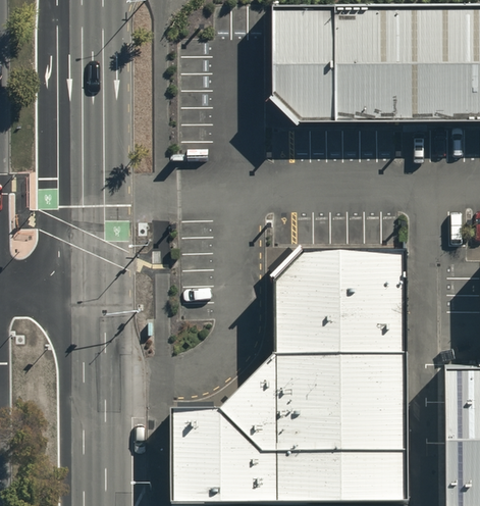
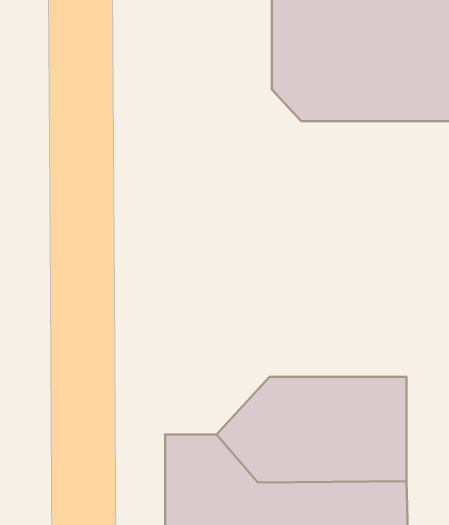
building: [271,250,399,357] -> none

